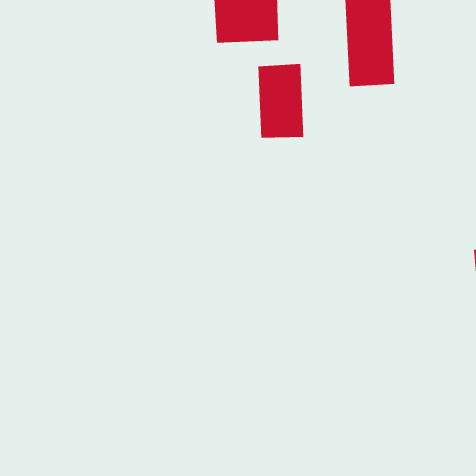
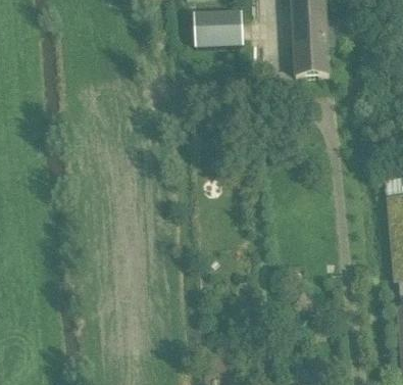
building: [258,63,304,139] -> none

